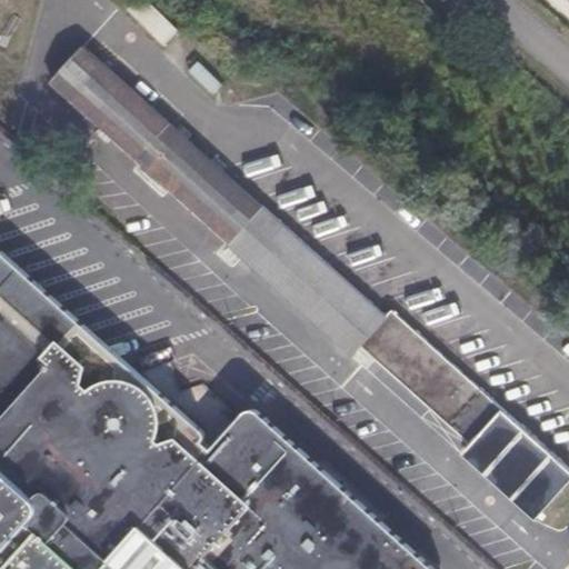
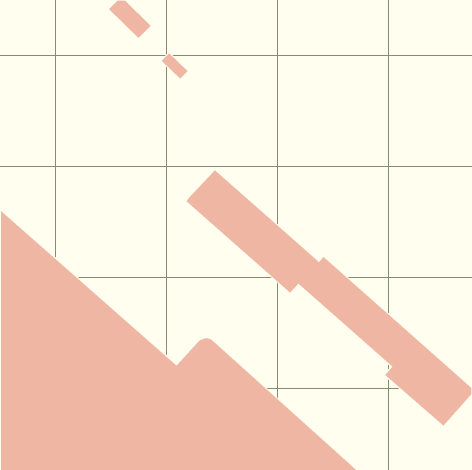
building: [49,56,257,241] -> none

